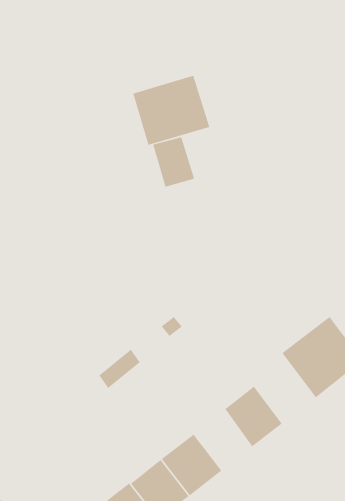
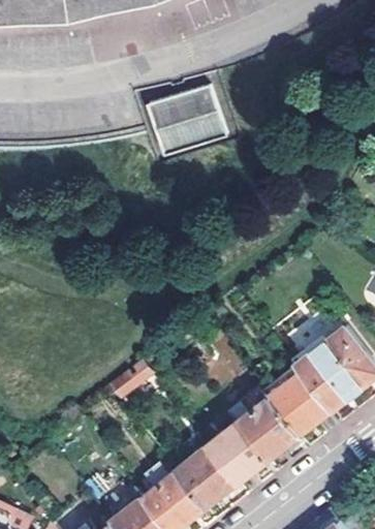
building: [152,136,195,188] -> none
building: none -> [269,364,331,435]
building: none -> [208,421,267,483]

